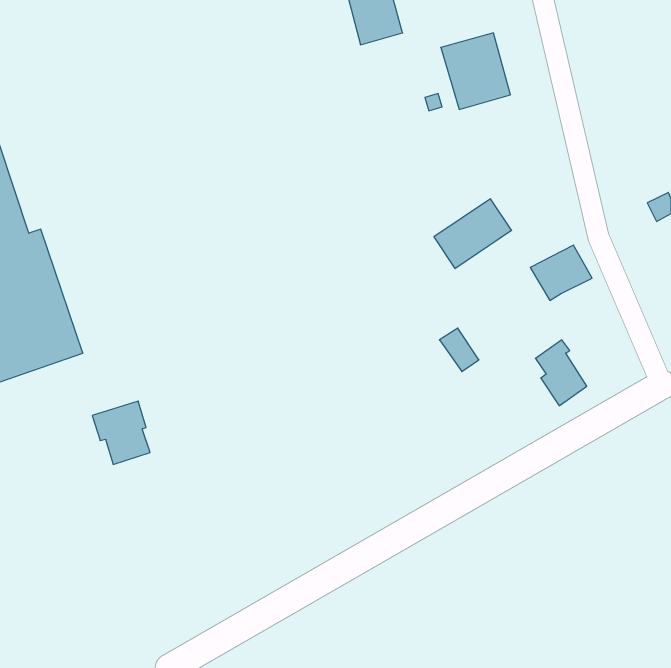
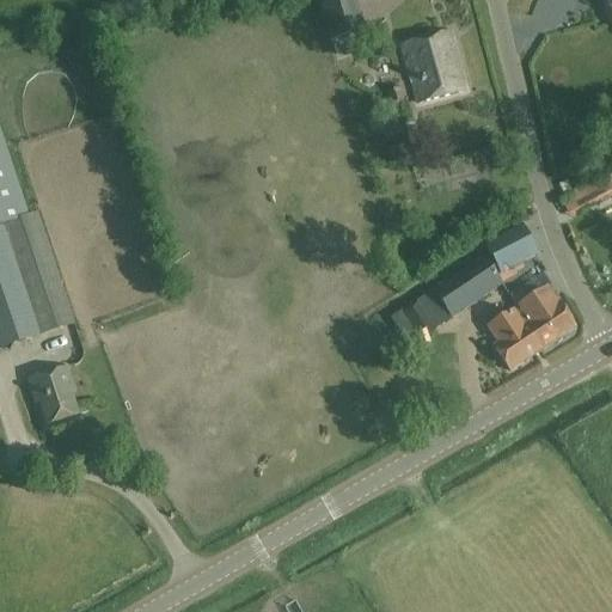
building: [434,199,512,269] -> [432,252,502,316]
building: none -> [510,283,573,350]
building: [92,401,150,464] -> [25,365,78,422]

